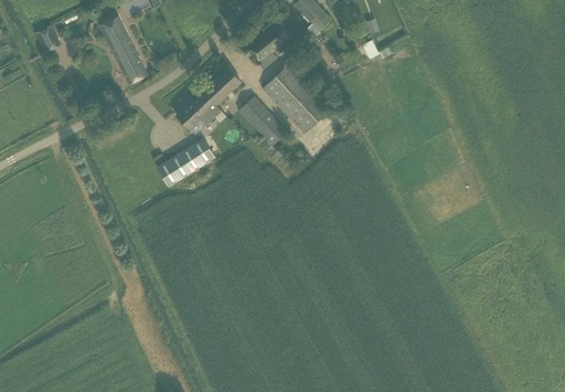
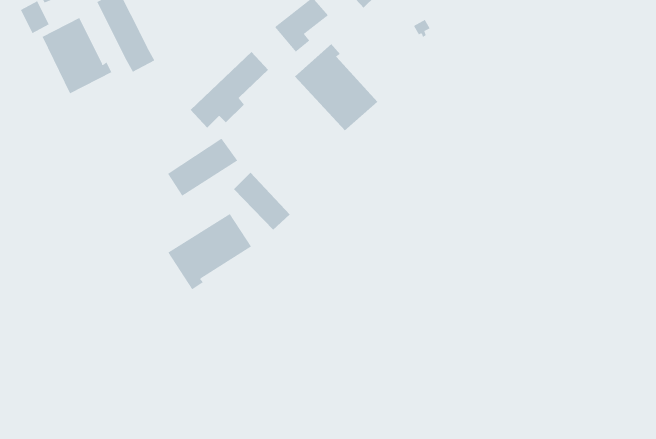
building: none -> [42,17,112,94]
building: [239,96,287,145] -> [233,172,291,230]
building: none -> [167,213,252,290]

